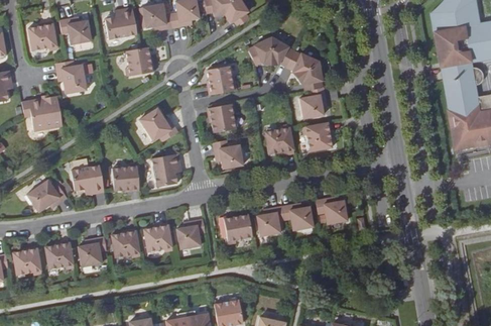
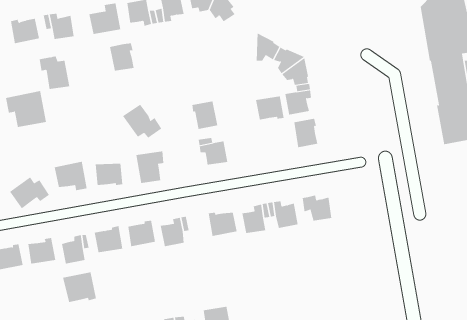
building: [246,35,270,64] -> none
building: [206,65,230,94] -> none
building: [263,128,292,152] -> [255,96,285,120]
building: none -> [63,272,96,303]

